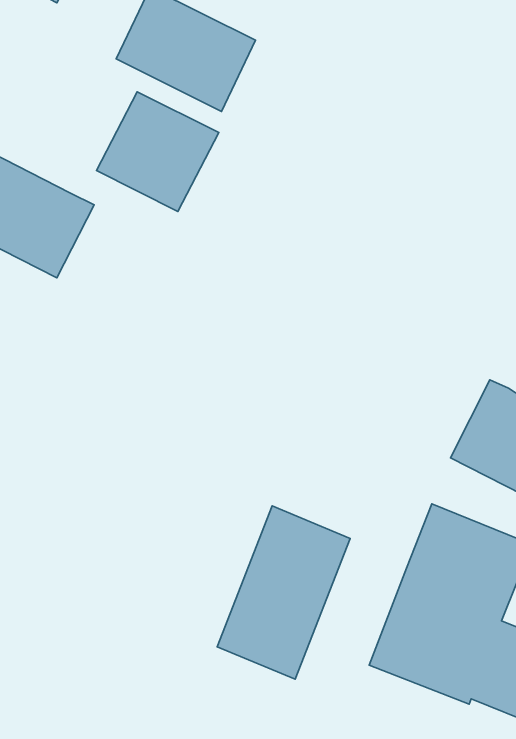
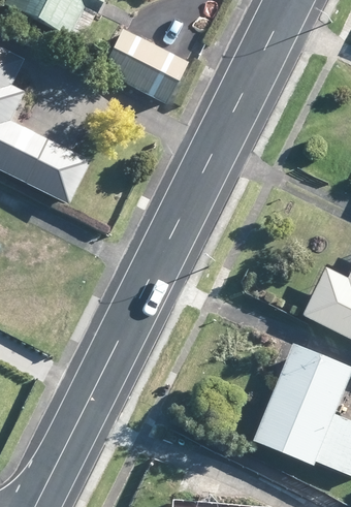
building: [97,92,219,211] -> none
building: [217,506,350,679] -> none

